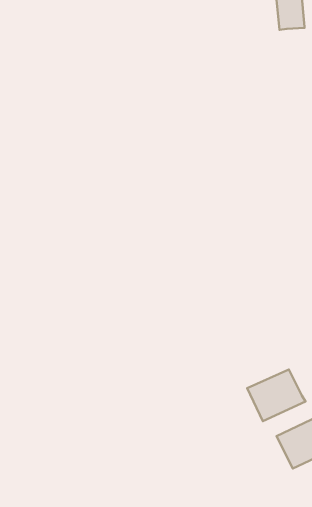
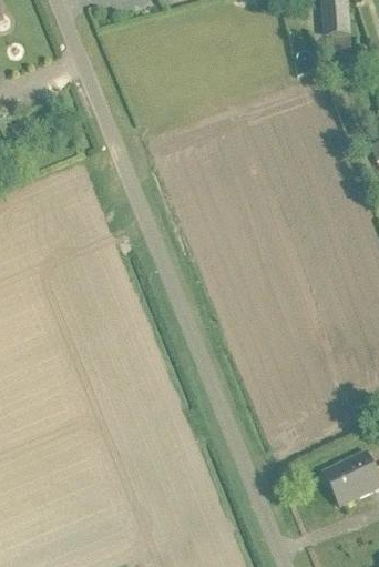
building: [247,369,306,421] -> none

